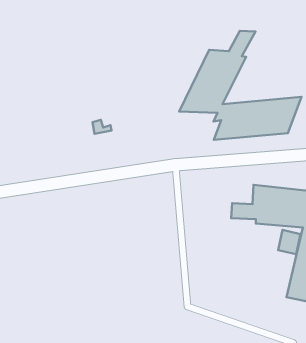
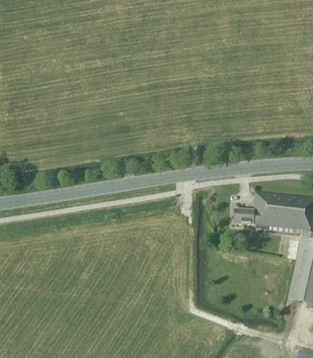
building: [179,31,301,140] -> none

